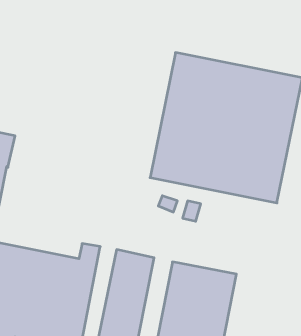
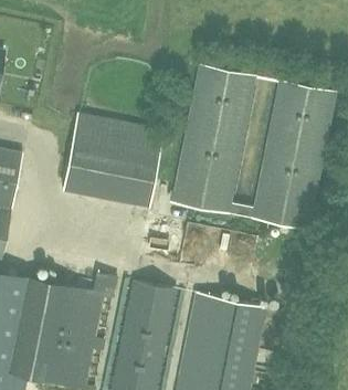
building: none -> [61,115,162,207]

